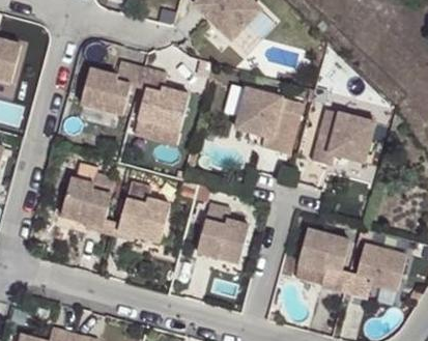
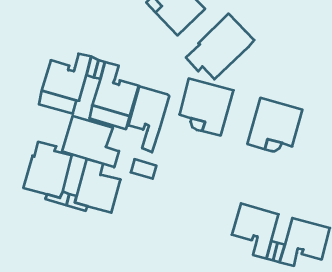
building: none -> [186,14,254,79]
building: none -> [128,86,169,152]
building: none -> [62,116,119,167]
building: [196,203,249,264] -> none

